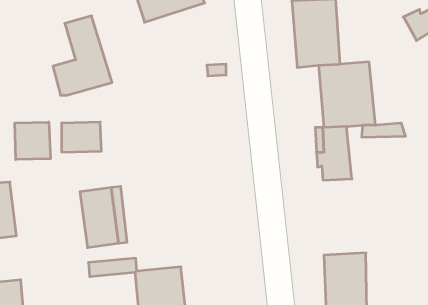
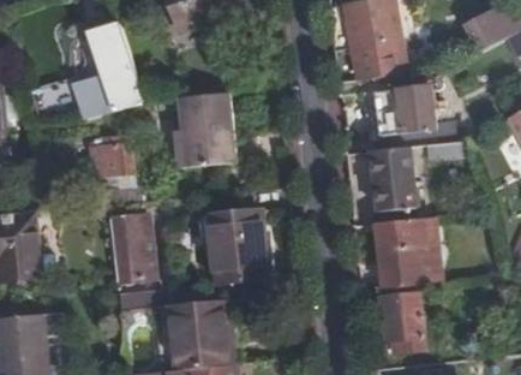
building: none -> [180,90,238,167]
building: [15,122,50,160] -> none
building: none -> [211,216,270,291]
building: none -> [375,216,432,280]

